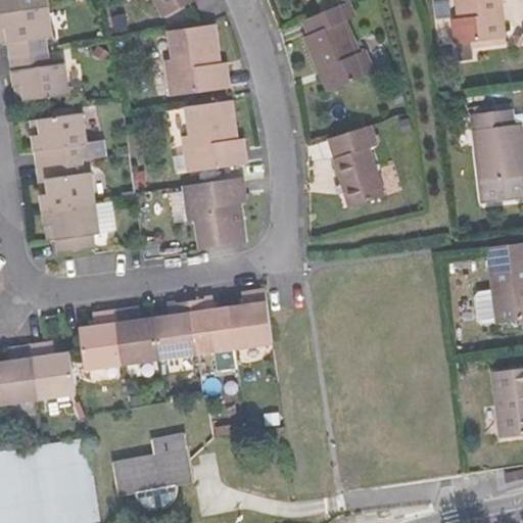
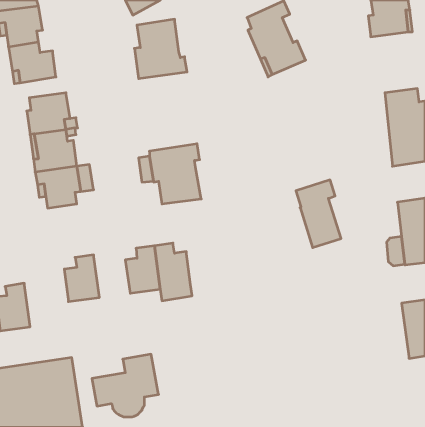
building: [182,100,246,173] -> none
building: [328,126,383,208] -> [296,180,341,248]
building: [228,290,271,348] -> none
building: [114,307,159,364] -> none
building: [30,343,76,399] -> none

